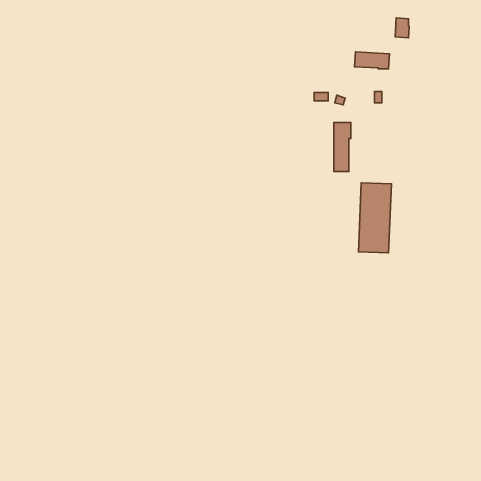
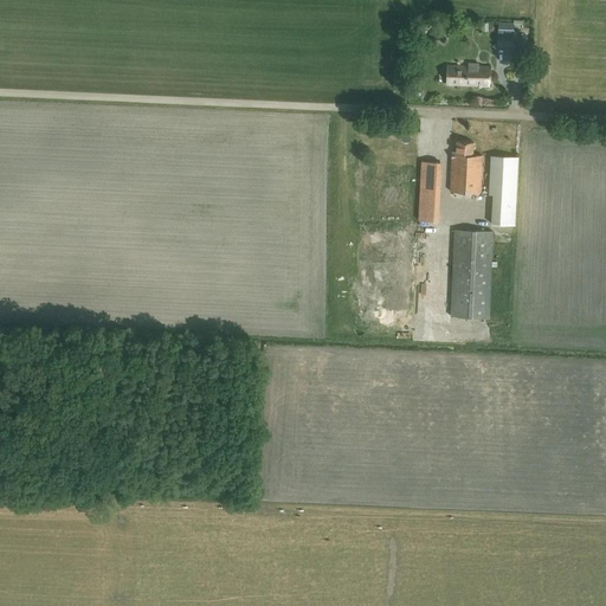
building: none -> [449,142,481,193]
building: none -> [491,156,515,227]

